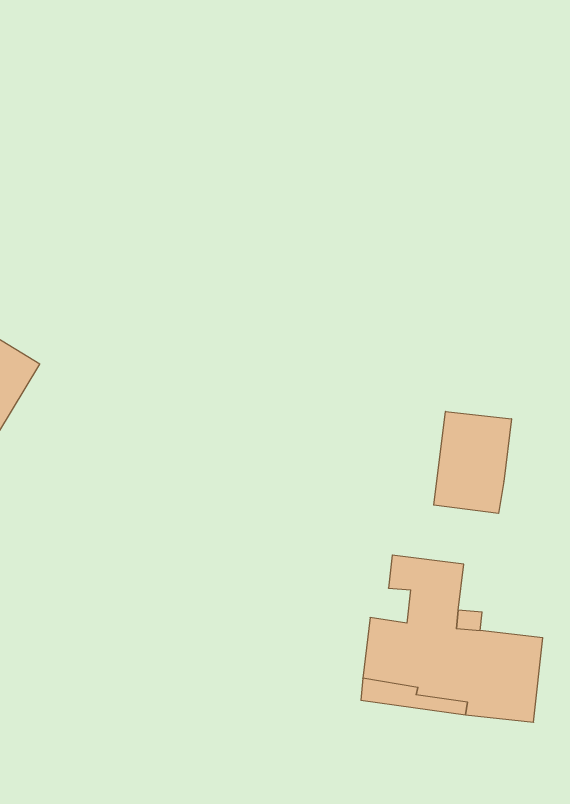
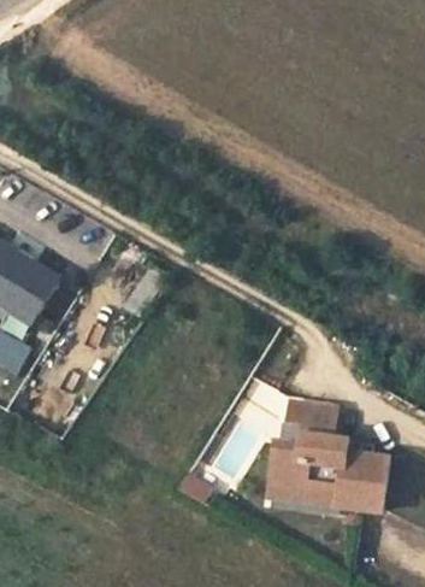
building: [434,411,511,513] -> none

